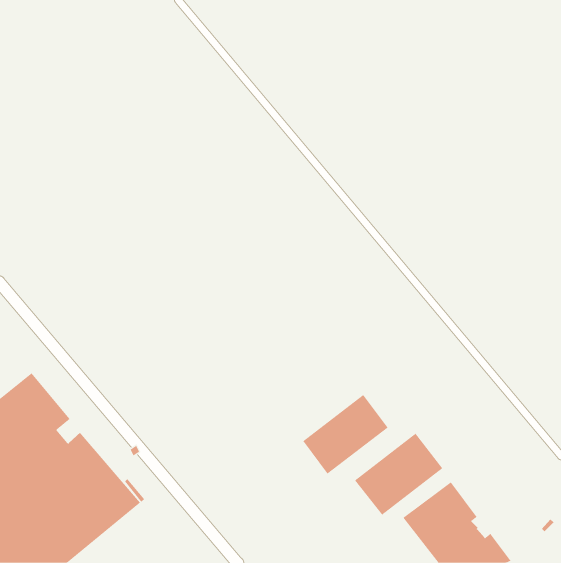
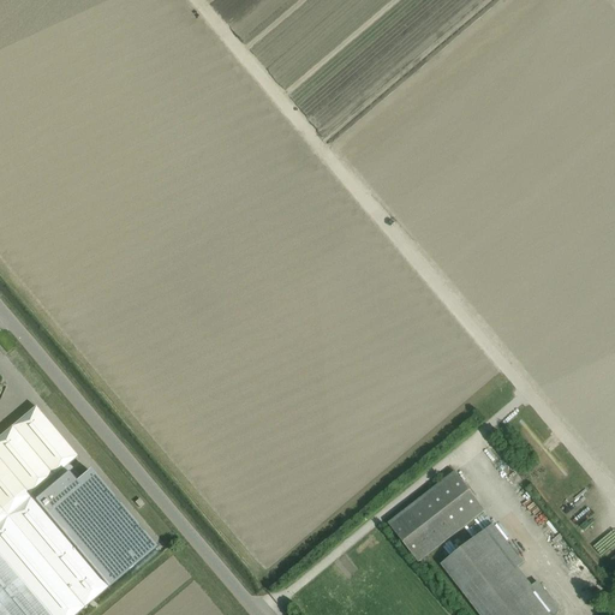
building: [302,394,388,474] -> none

